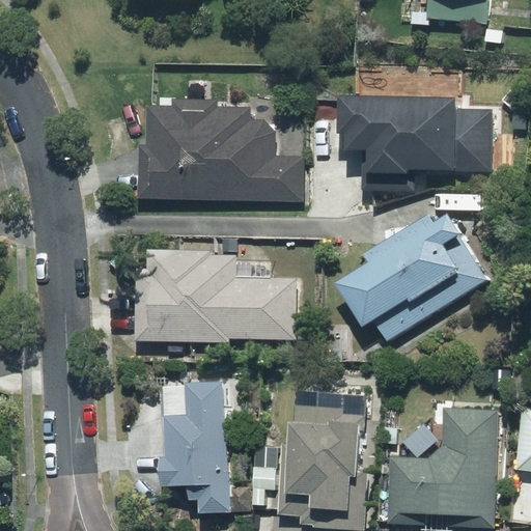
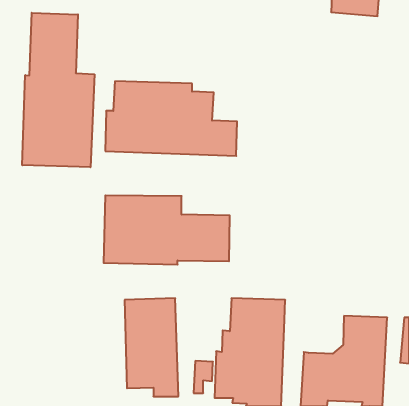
building: none -> [22,13,94,167]
building: [338,101,490,192] -> none
building: [334,215,488,338] -> none

